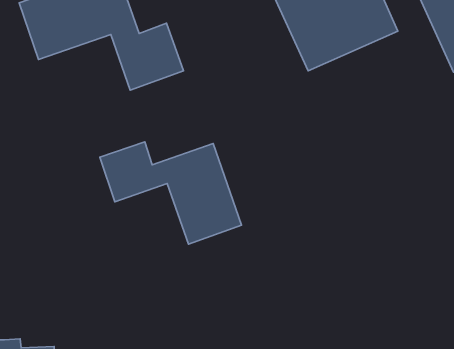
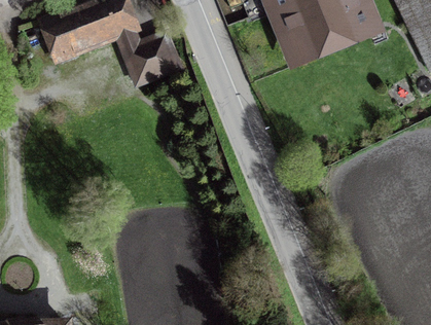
building: [100,142,241,244] -> none

